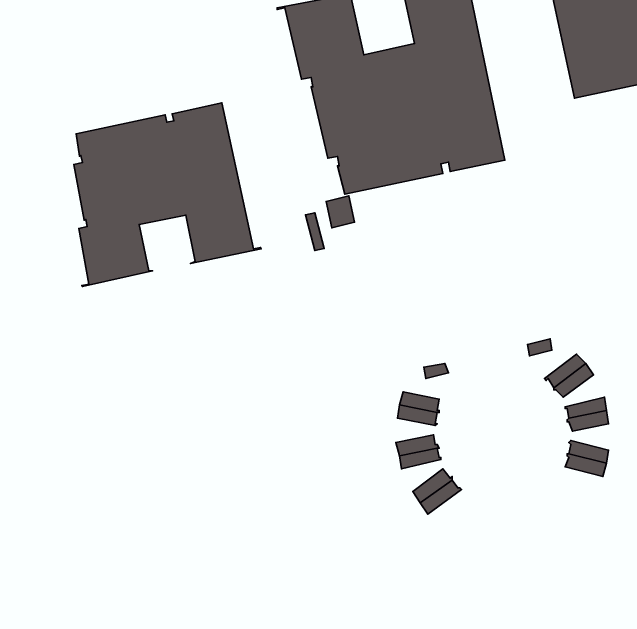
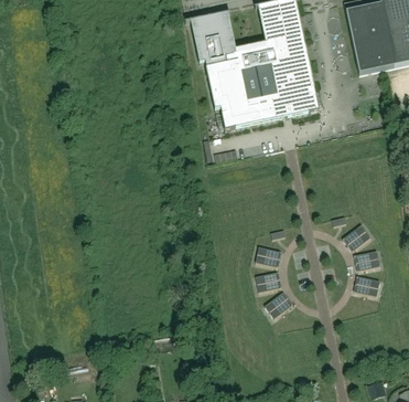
building: [74,103,261,287] -> none

